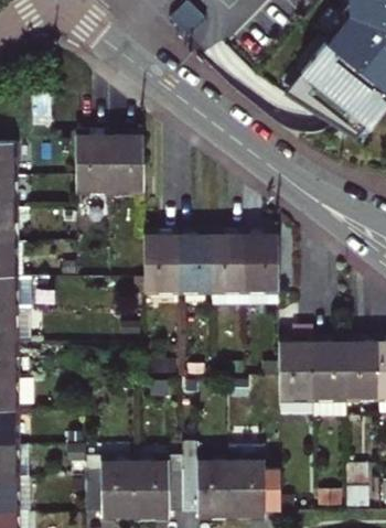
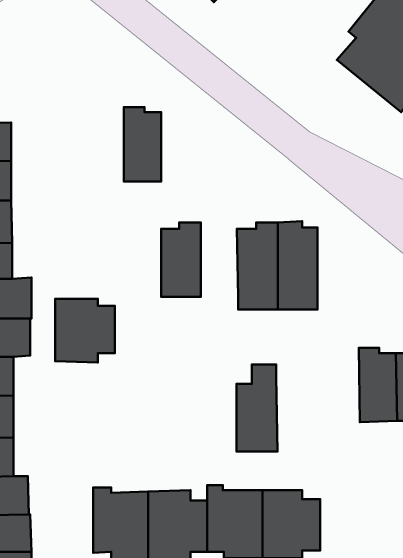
building: [75,130,111,194] -> none
building: [178,229,210,293] -> none
building: none -> [55,299,115,362]
building: [279,326,314,401] -> [236,364,277,452]

